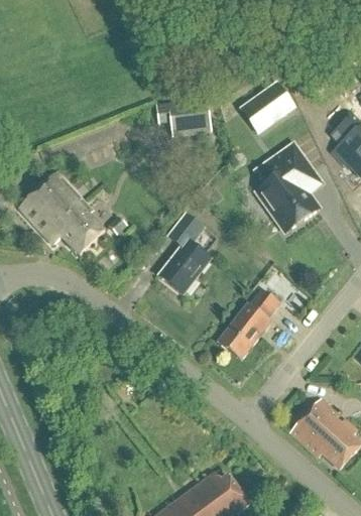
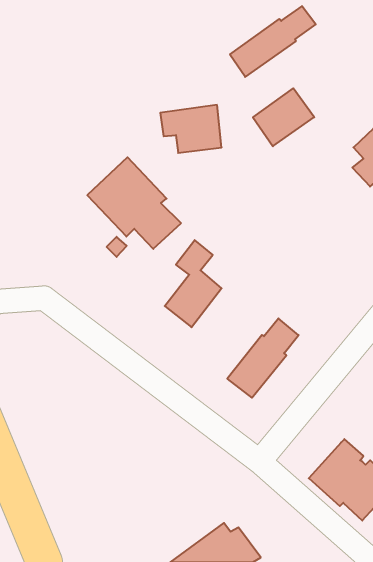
building: none -> [230,6,316,77]
building: [256,144,319,230] -> none
building: [19,170,104,253] -> [87,157,181,249]

